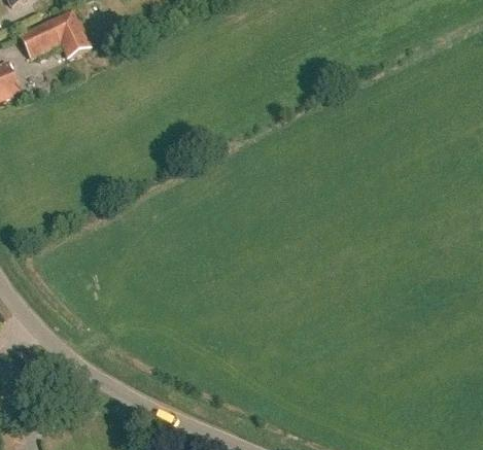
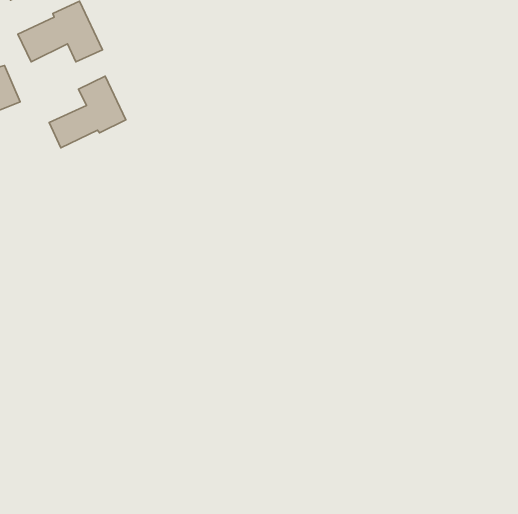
building: none -> [49,76,126,148]

